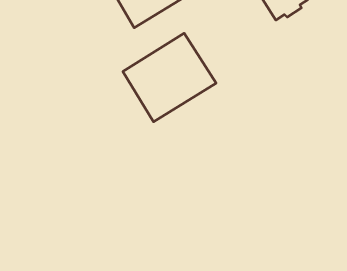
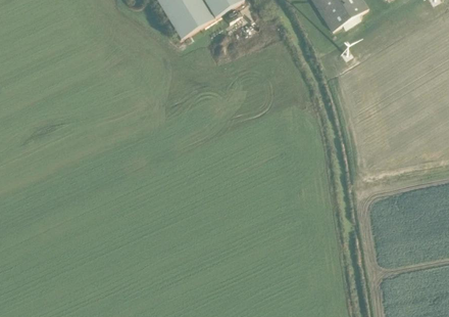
building: [123,33,216,122] -> none

